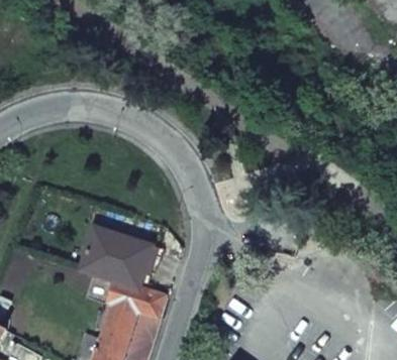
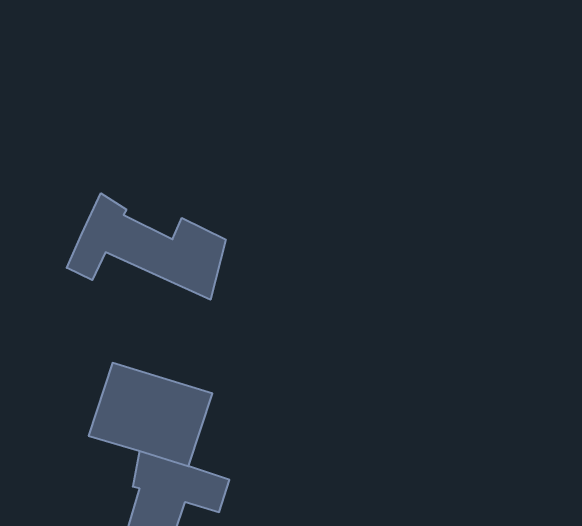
building: none -> [67,193,226,300]

